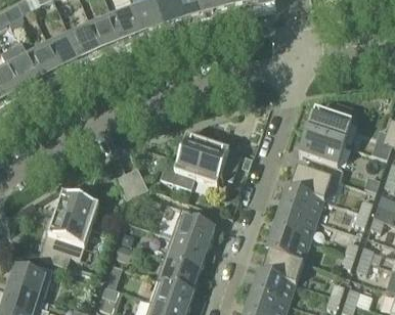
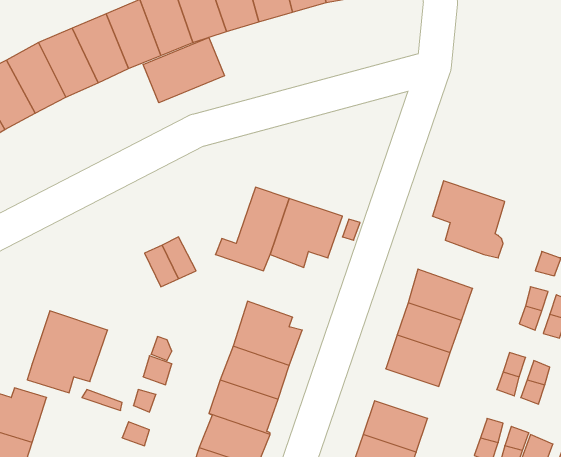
building: none -> [143,37,225,103]
building: [306,106,352,142] -> none
building: [290,164,332,197] -> none
building: [55,190,99,224] -> none
building: [262,249,303,280] -> none

